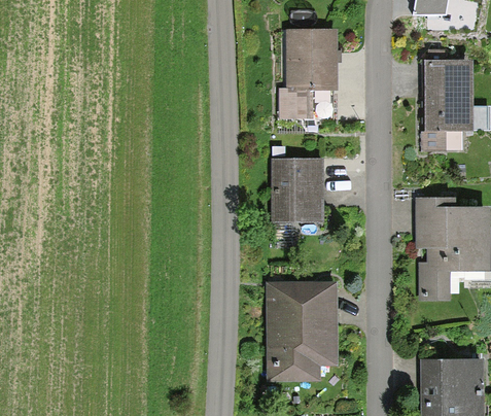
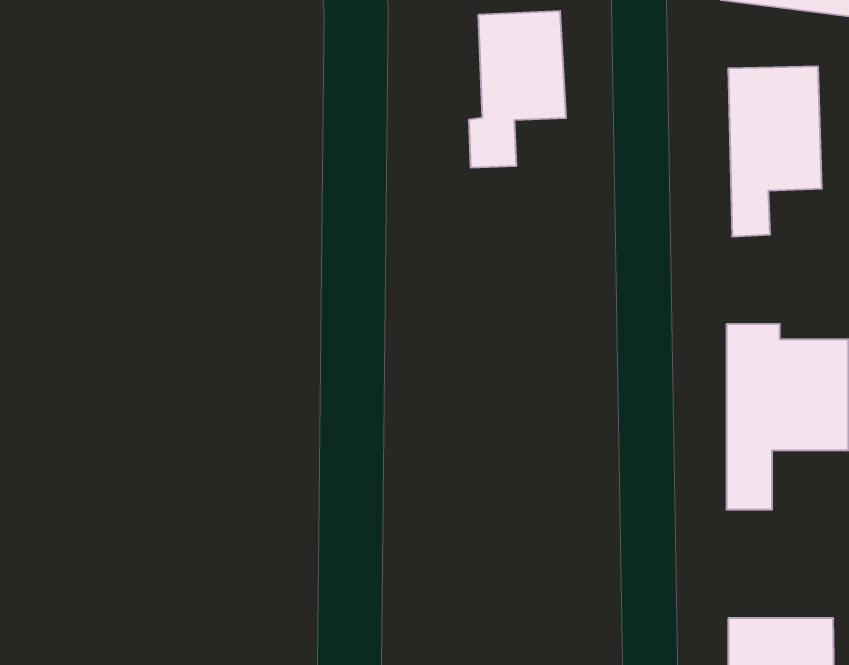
building: [273,159,322,222] -> none
building: [270,281,336,378] -> none

